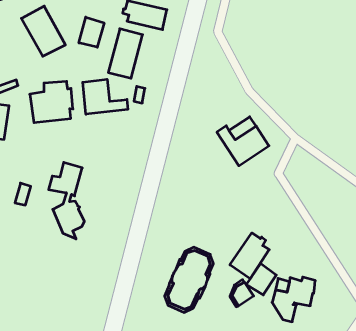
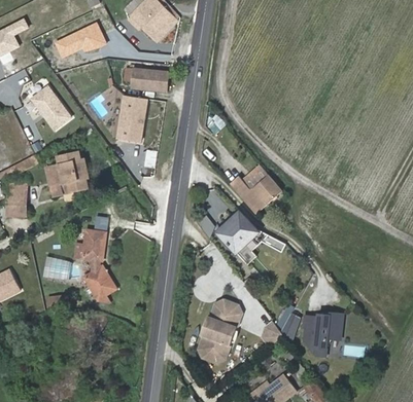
building: [79,17,104,47] -> none
building: [83,79,128,114] -> none
building: none -> [216,212,257,253]
building: [230,233,269,279] -> none

